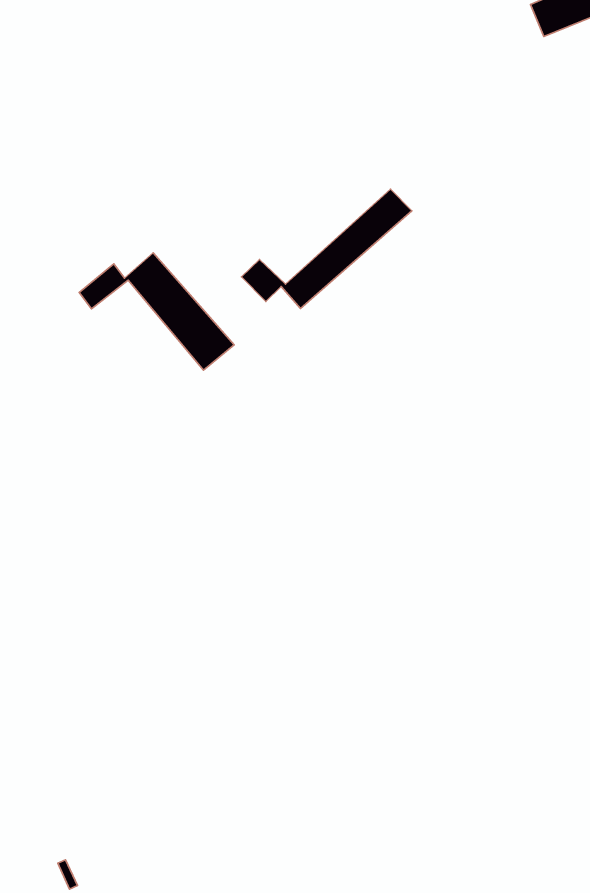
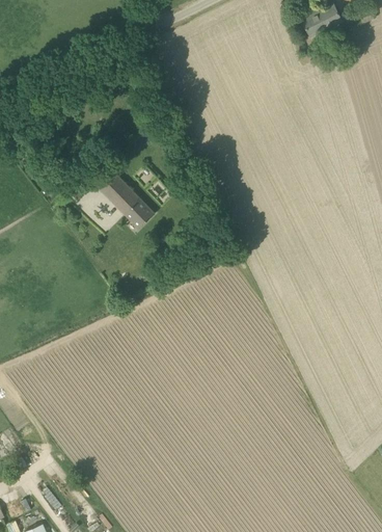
building: [242,189,412,309] -> none

